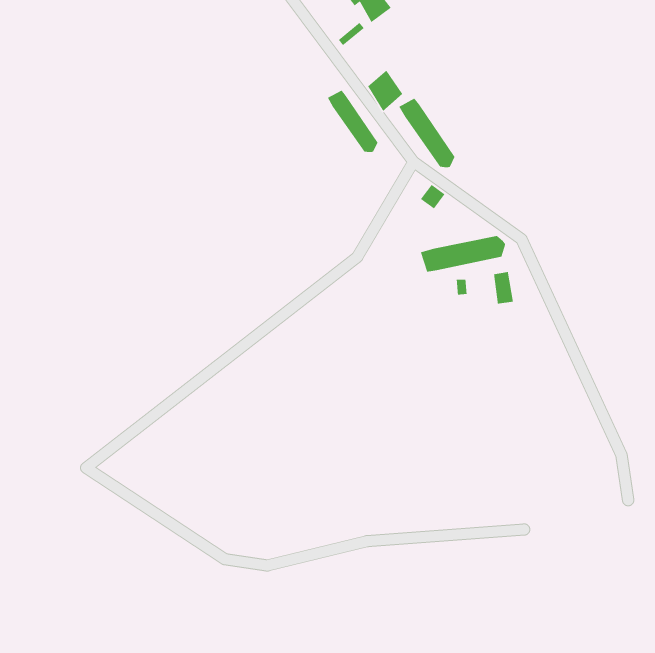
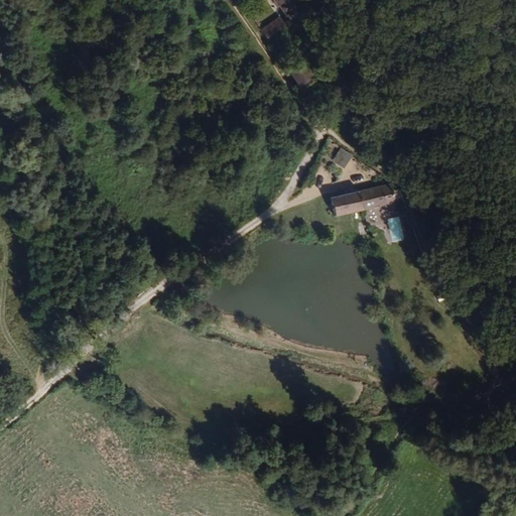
building: [327,89,379,153] -> none
building: [398,98,456,168] -> none

